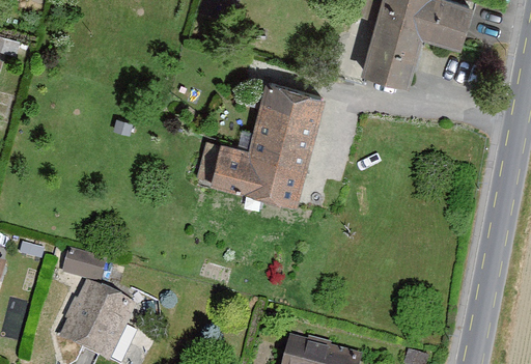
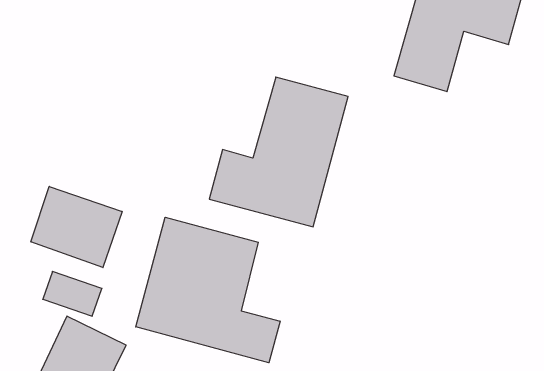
building: none -> [31,186,122,268]
building: none -> [136,217,280,363]

